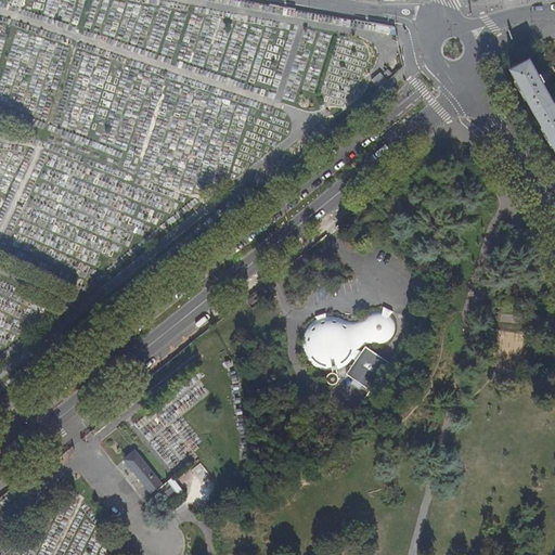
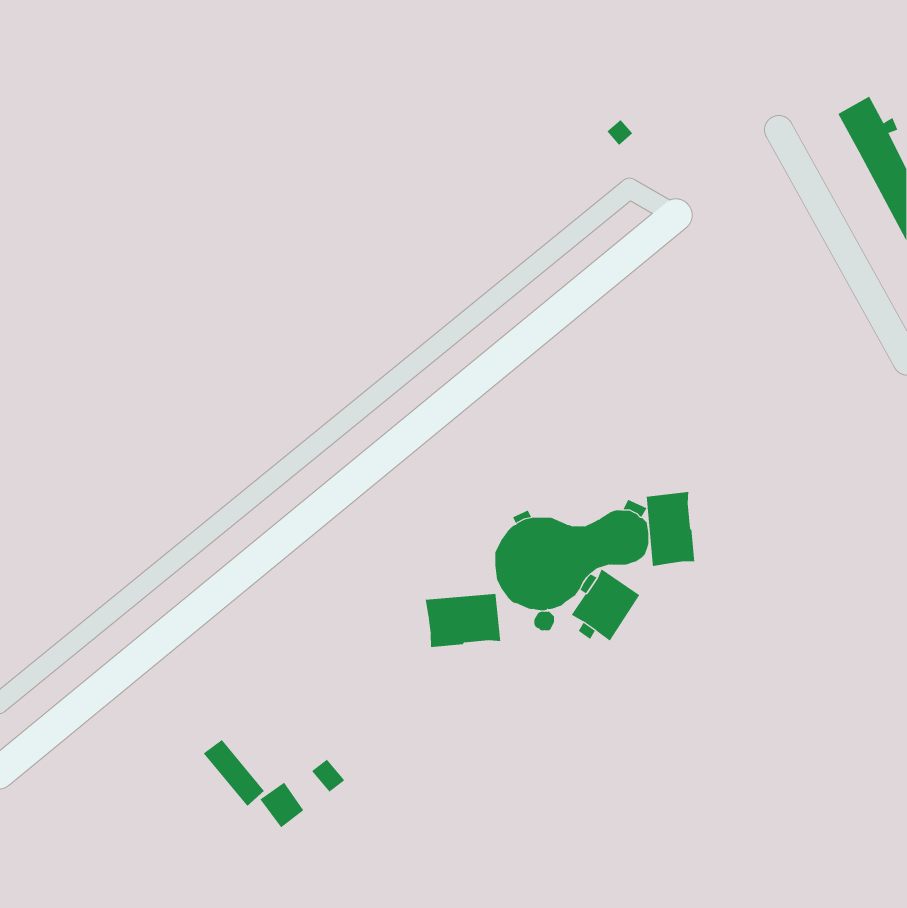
building: none -> [646,491,695,567]
building: none -> [425,593,501,648]

